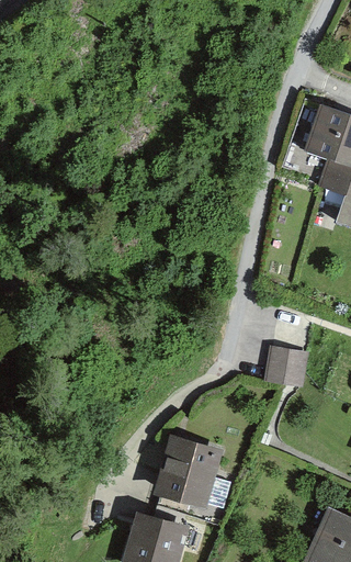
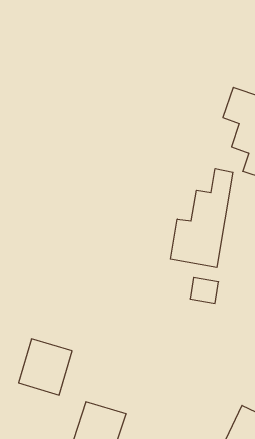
building: none -> [170,169,233,267]
building: [155,435,223,506] -> [19,339,72,395]

